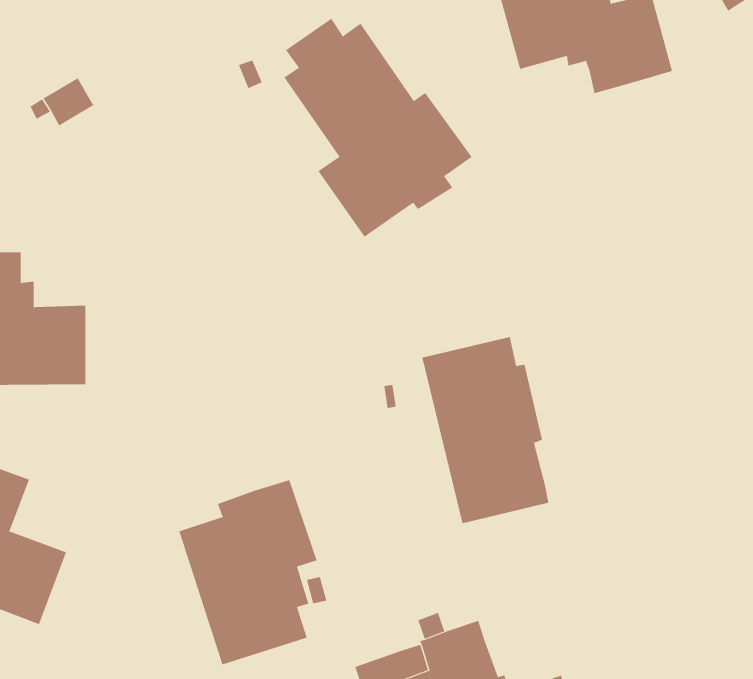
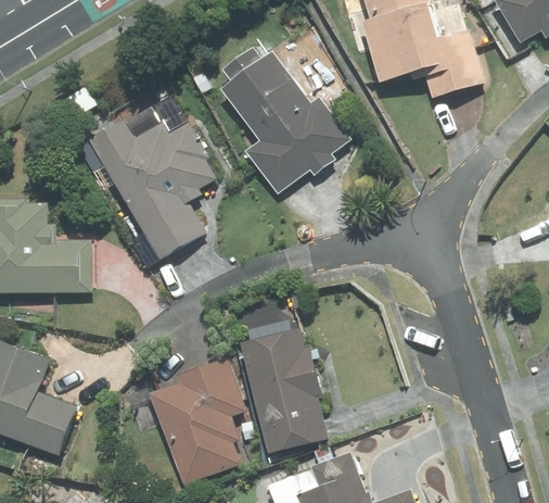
building: none -> [91,120,216,259]
building: [422,337,549,524] -> [241,327,327,453]

